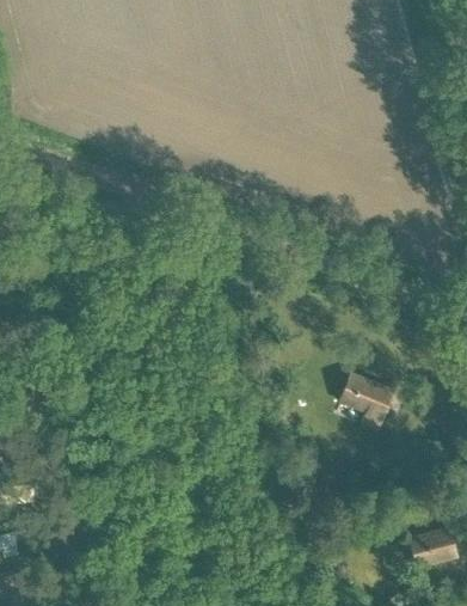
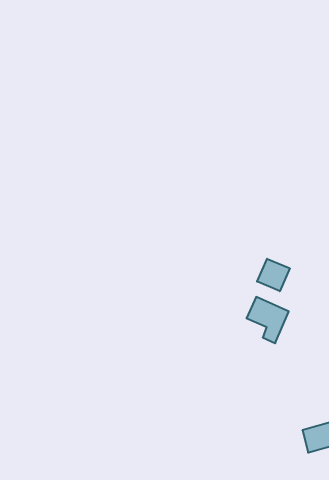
building: none -> [257,259,290,291]

